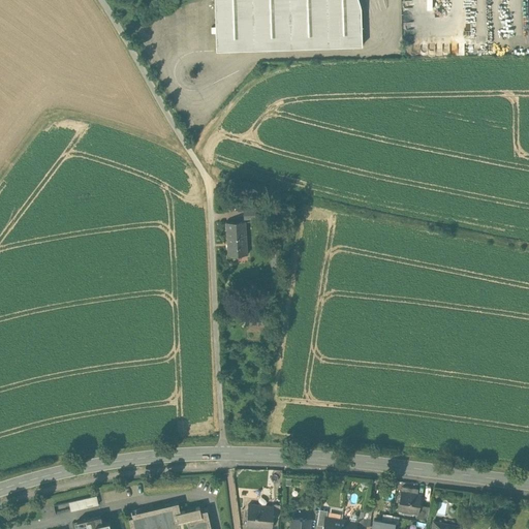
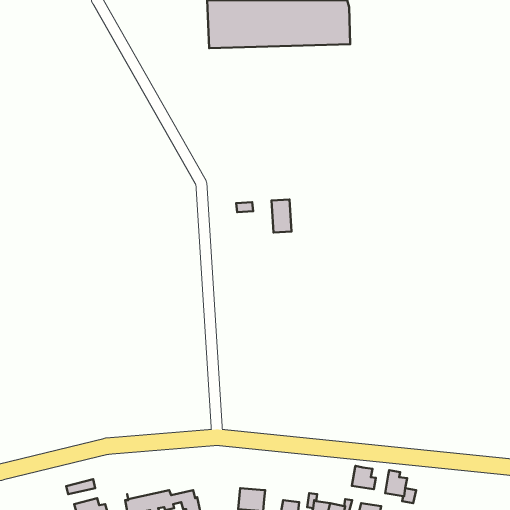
building: [227,222,248,256] -> [271,199,291,232]
building: none -> [352,466,376,489]

